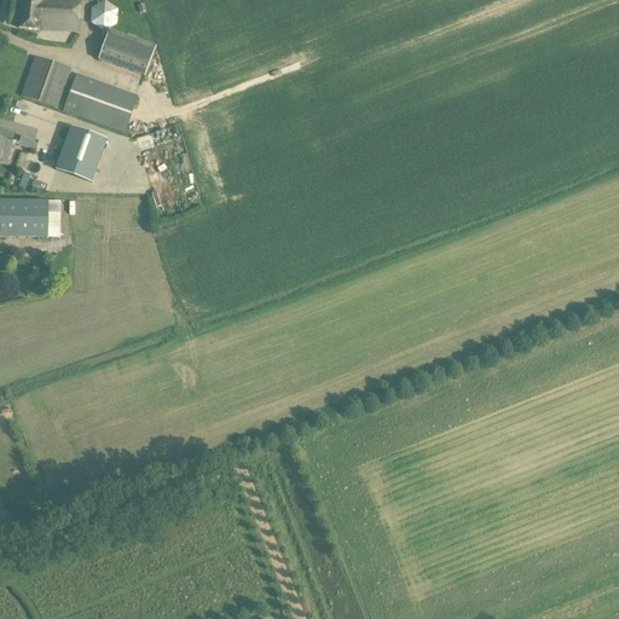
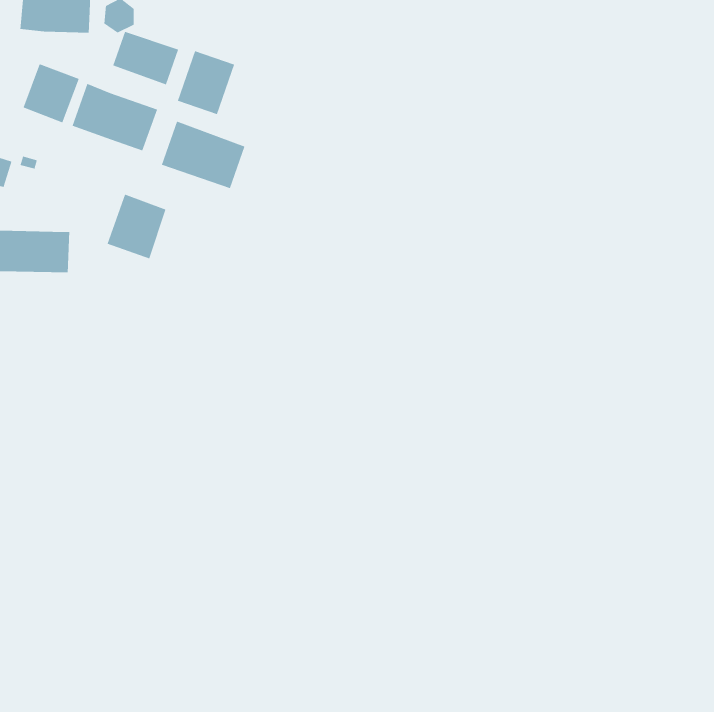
building: none -> [177,50,235,115]
building: none -> [161,121,245,189]
building: [53,126,105,183] -> [106,194,167,259]

